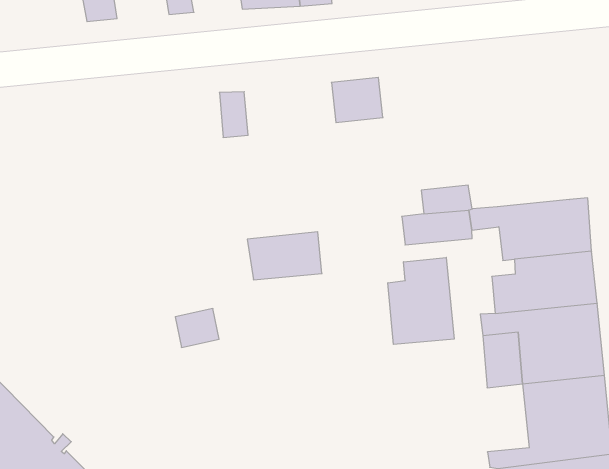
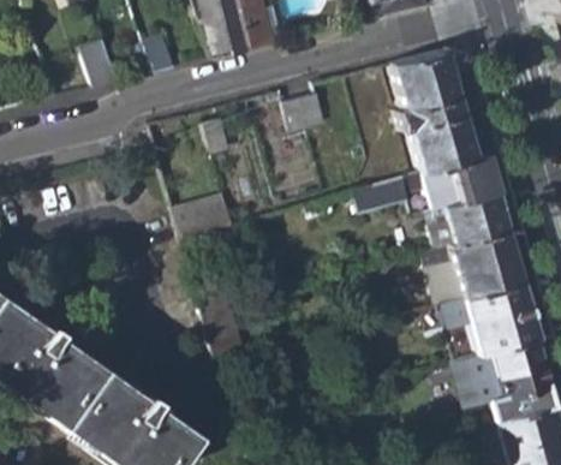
building: none -> [394,48,476,169]
building: [247,232,322,280] -> [175,193,234,237]
building: [388,257,454,344] -> none

